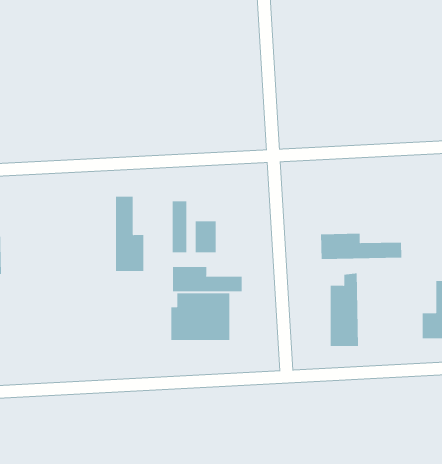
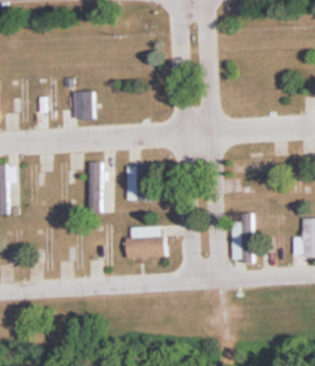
building: none -> [75,91,93,119]
building: [321,233,402,260] -> none
building: [173,266,242,292] -> none

